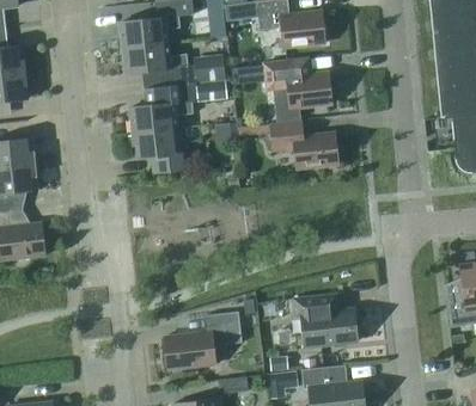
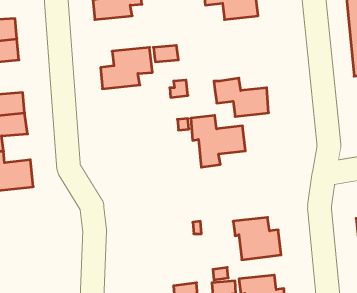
building: [121,43,187,73] -> none
building: [193,54,225,82] -> none
building: [263,60,331,124] -> [191,115,245,167]
building: [130,129,189,174] -> none
building: [164,312,242,369] -> none

